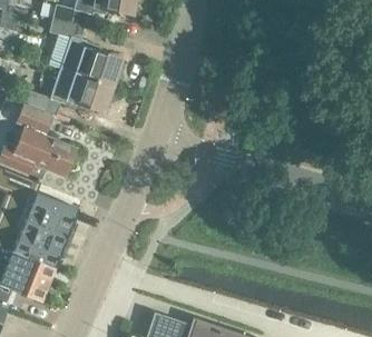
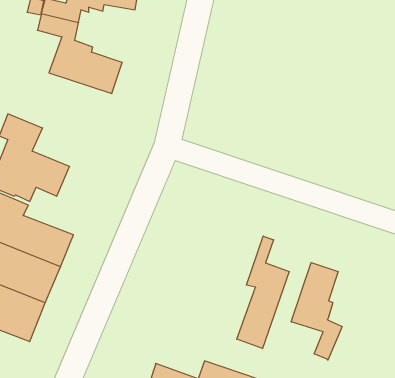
building: [23,69,112,116] -> none
building: none -> [237,236,289,349]
building: none -> [291,263,342,360]

